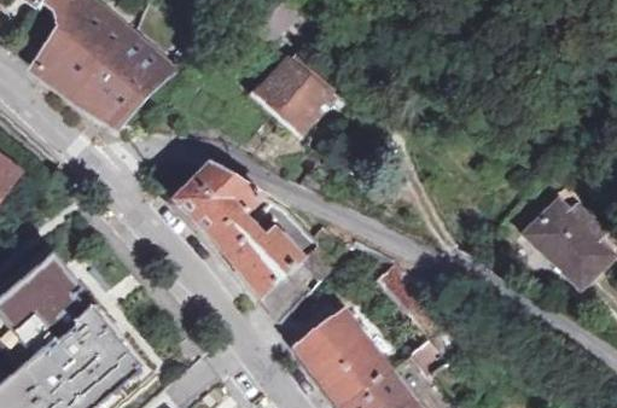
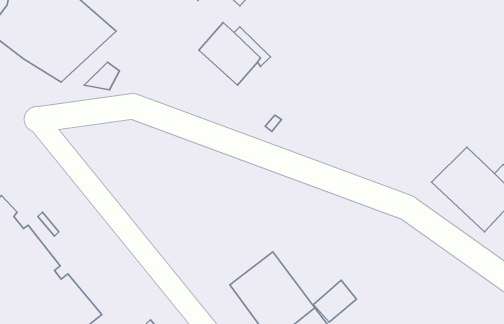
building: [176,169,316,324] -> none

